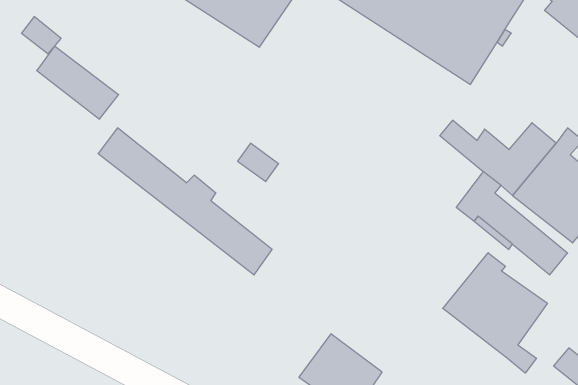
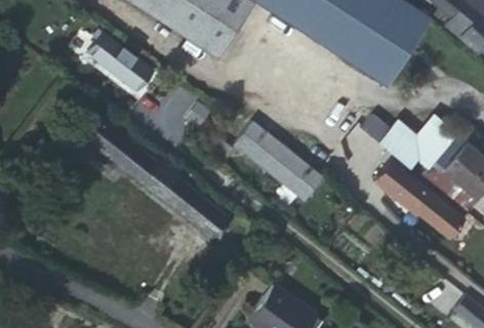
building: [37,46,119,119] -> [89,34,155,92]
building: none -> [235,123,323,201]
building: [443,253,547,373] -> none

